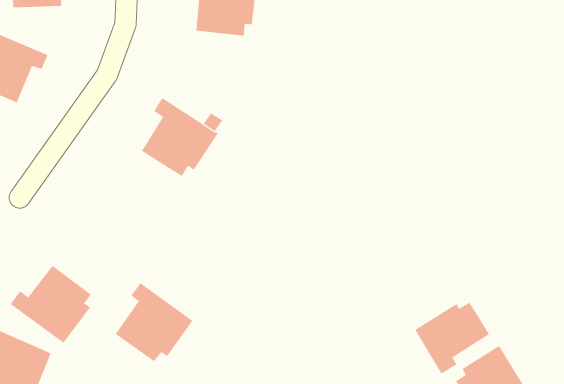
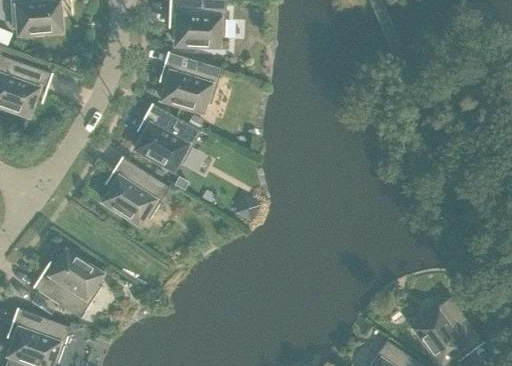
building: none -> [161,53,220,113]
building: [115,282,193,362] -> [102,158,168,225]
building: [414,302,490,374] -> none

